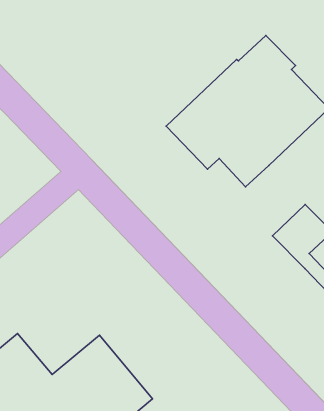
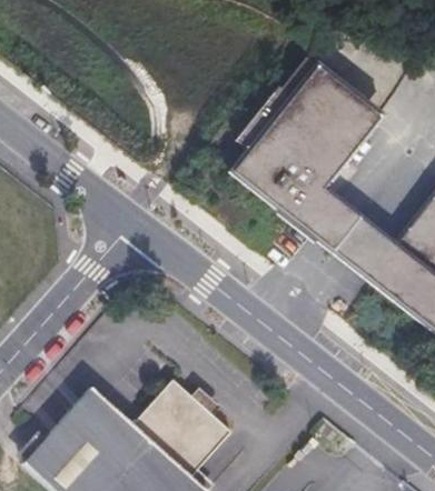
building: none -> [263,187,364,255]

